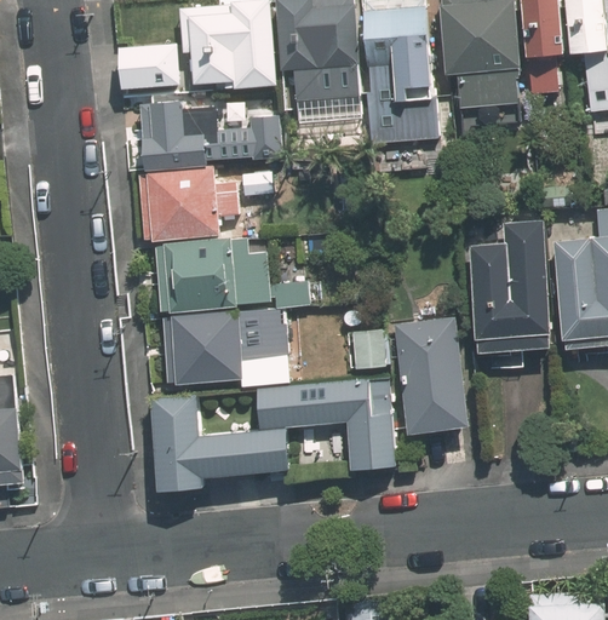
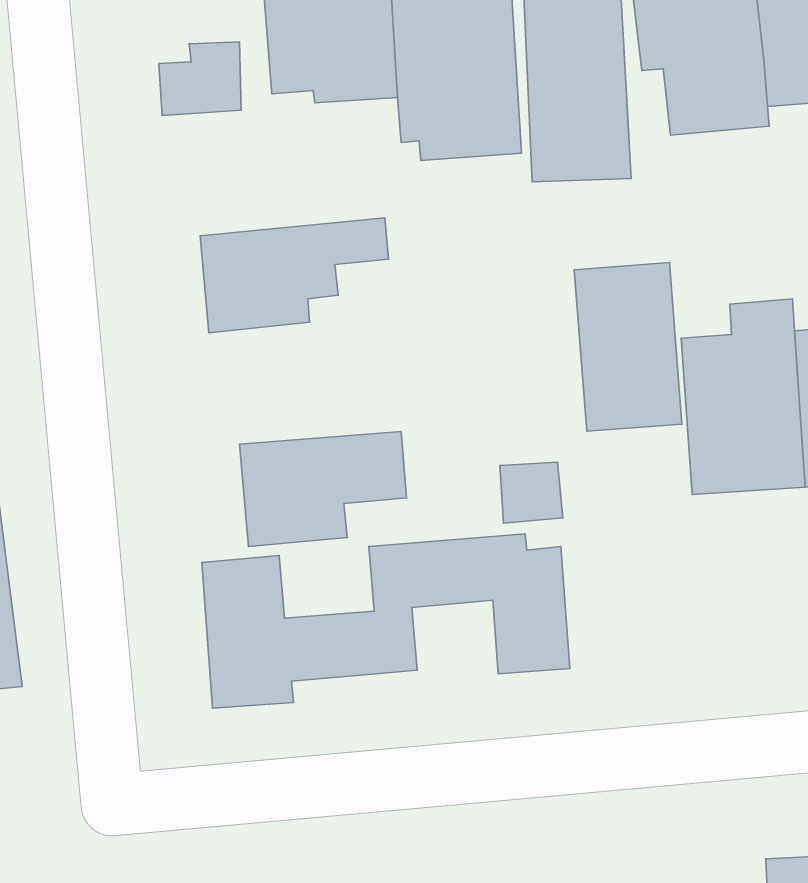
building: [136,98,282,172] -> none
building: [157,236,314,314] -> none
building: [394,318,466,432] -> [574,262,682,431]

